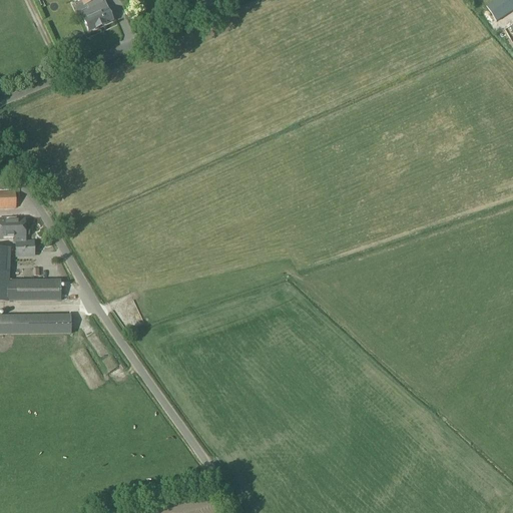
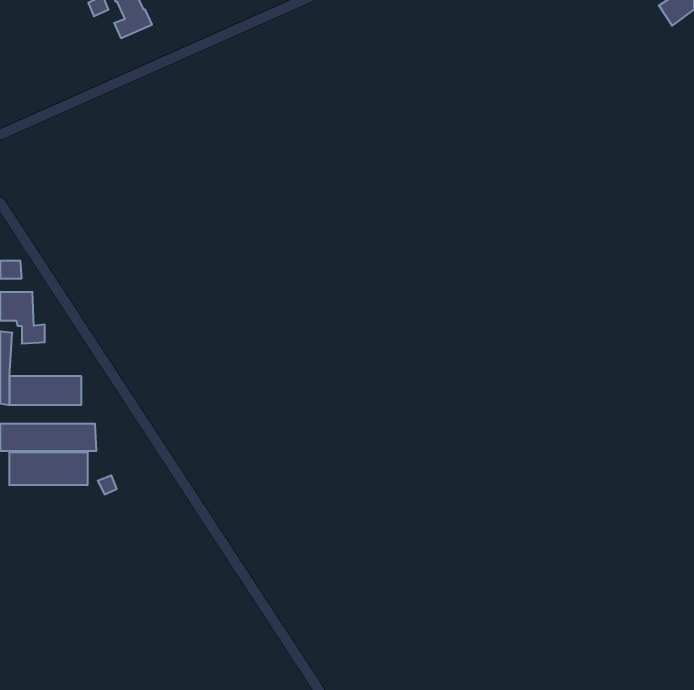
building: none -> [9,452,87,485]

